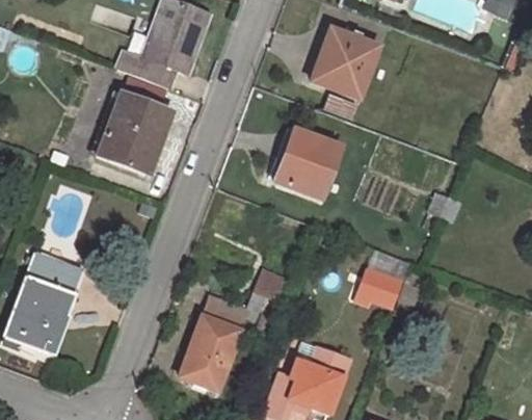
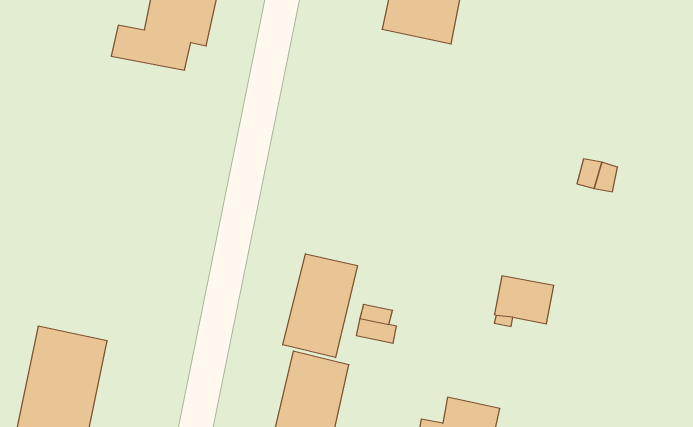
building: [98,93,171,175] -> none
building: [273,129,339,199] -> none
building: none -> [283,254,357,358]

